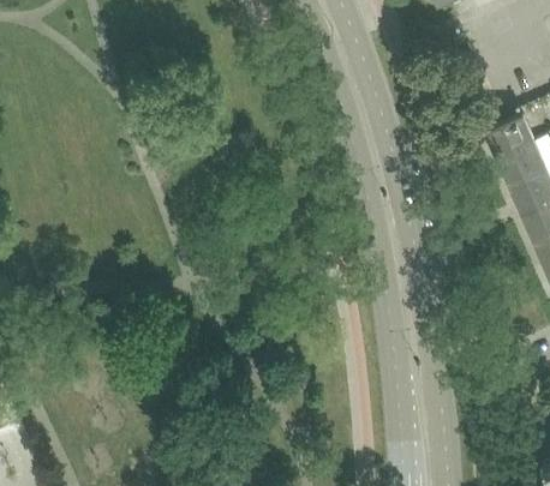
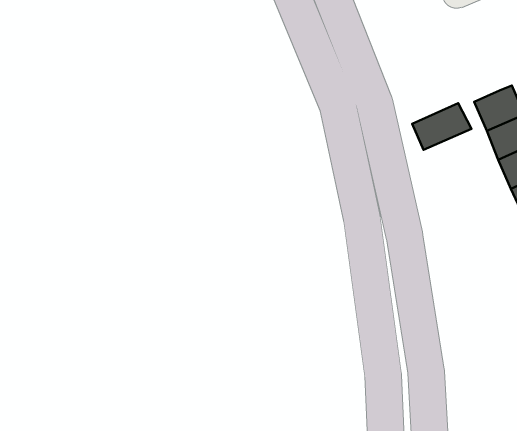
building: none -> [412,103,472,150]

